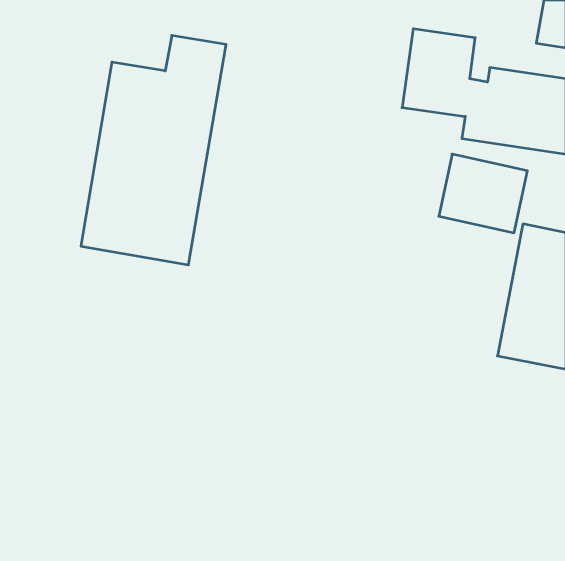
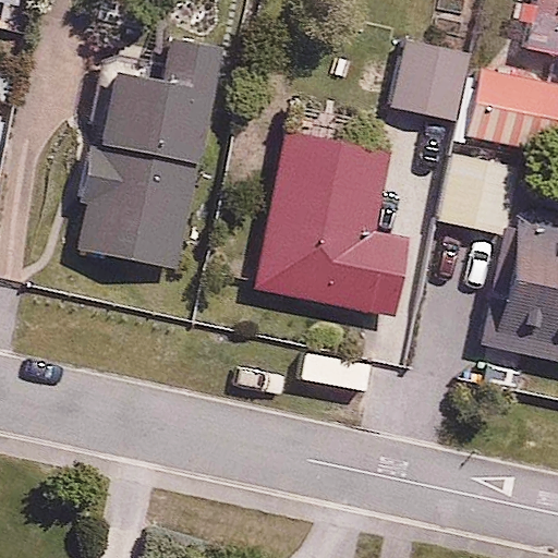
building: none -> [256,133,405,311]

